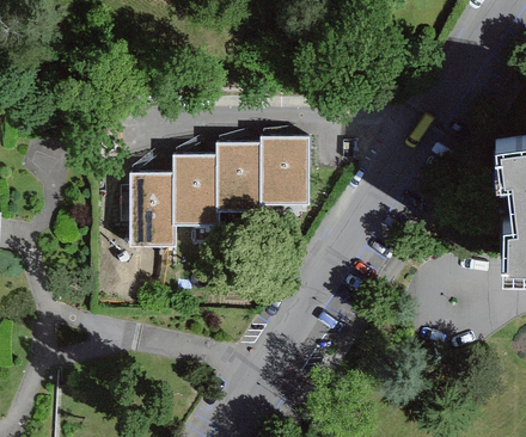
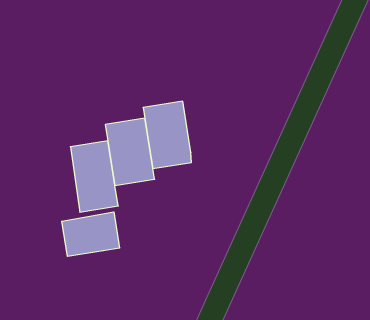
building: [258,141,305,204] -> none
building: none -> [62,212,120,256]

